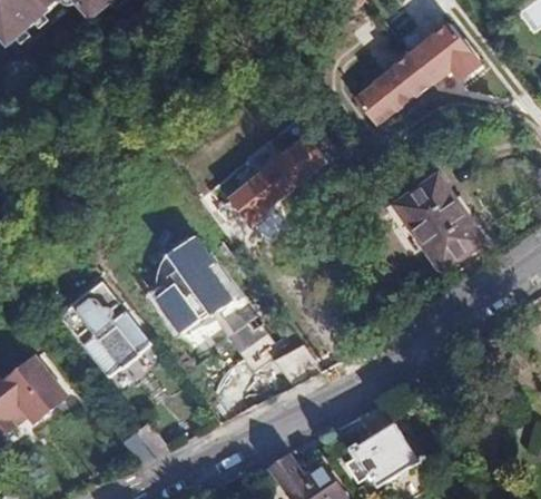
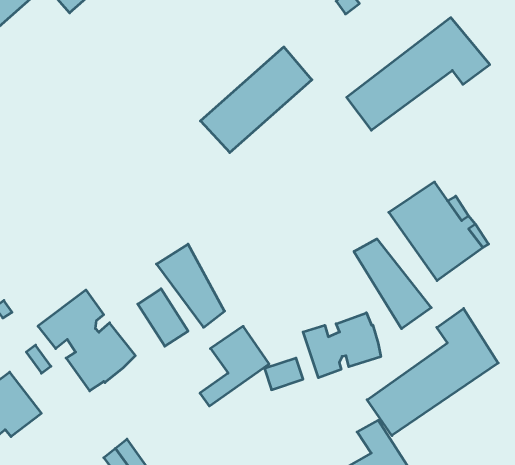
building: [226,131,332,232] -> [200,47,312,153]
building: none -> [354,239,431,329]
building: none -> [367,308,498,436]
building: none -> [303,313,381,378]

